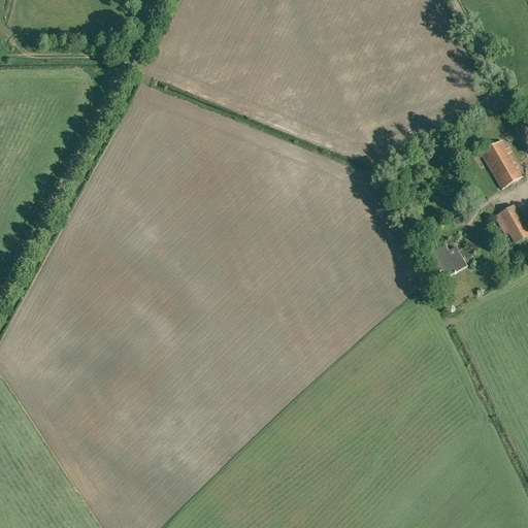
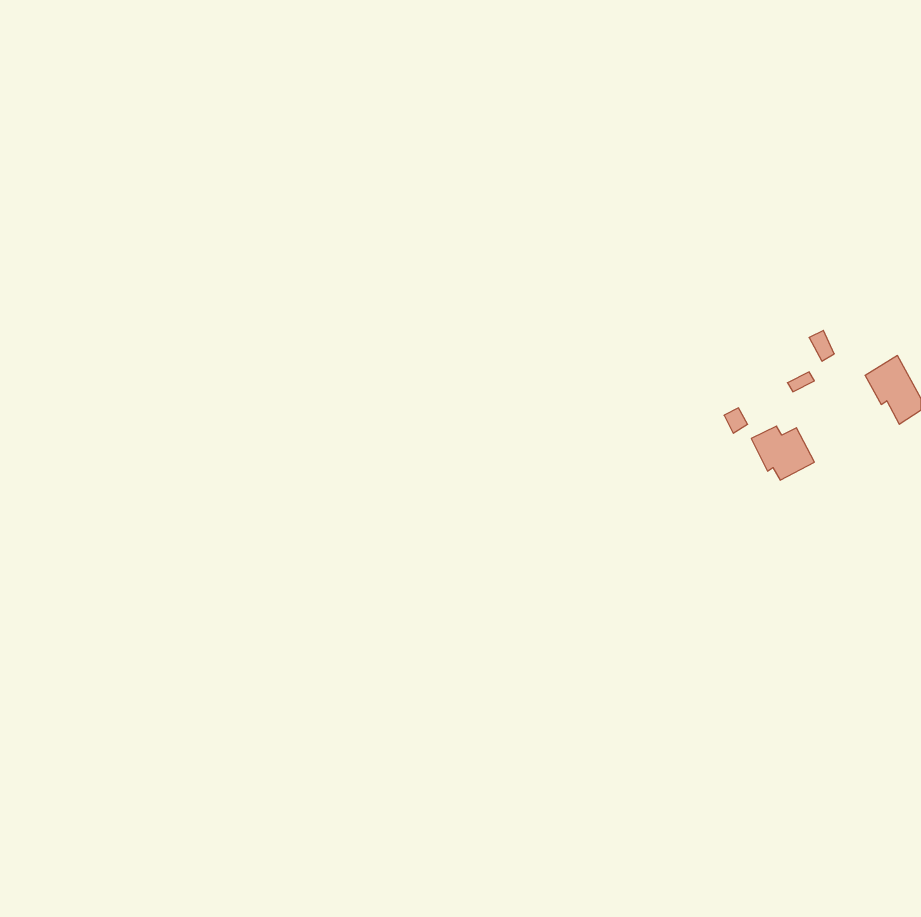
building: [485,146,522,187] -> none

